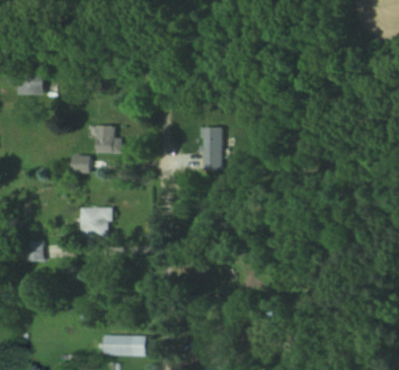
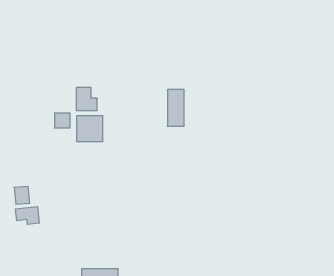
building: [18,73,44,93] -> none
building: [81,208,111,237] -> [77,116,103,141]
building: none -> [15,207,39,225]

